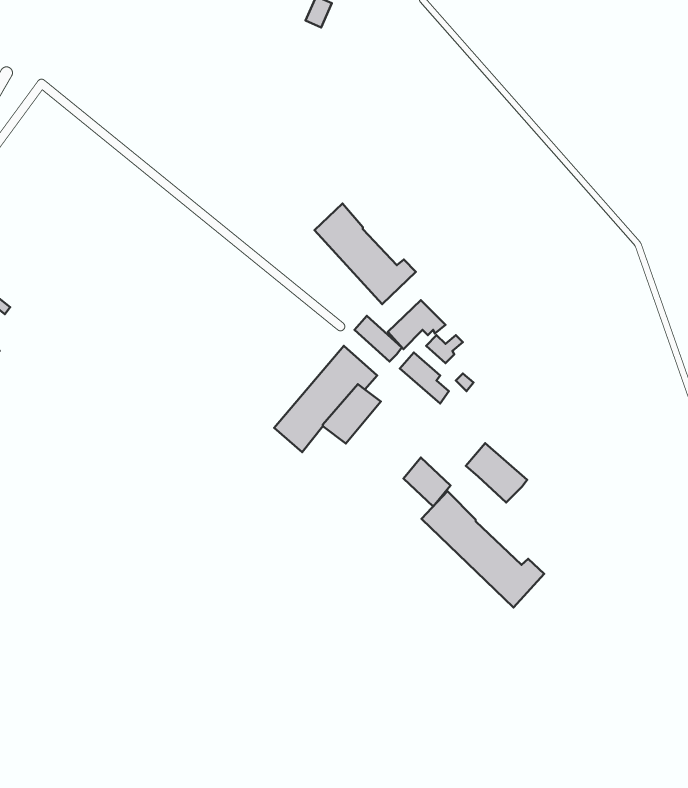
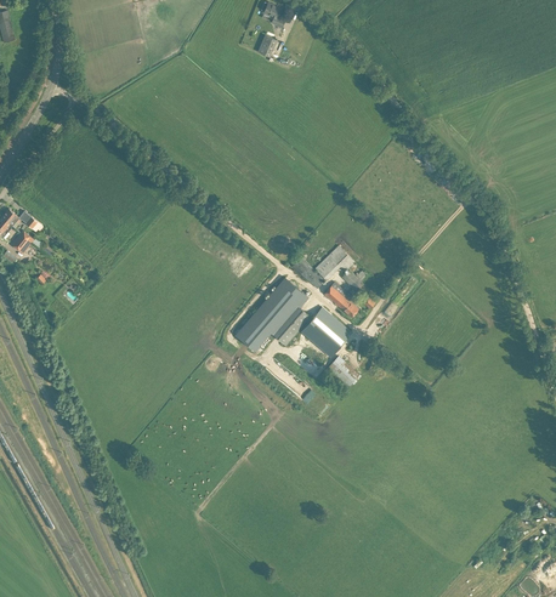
building: [314,204,416,304] -> none
building: [466,443,527,503] -> [307,307,350,348]
building: [422,491,544,607] -> none

